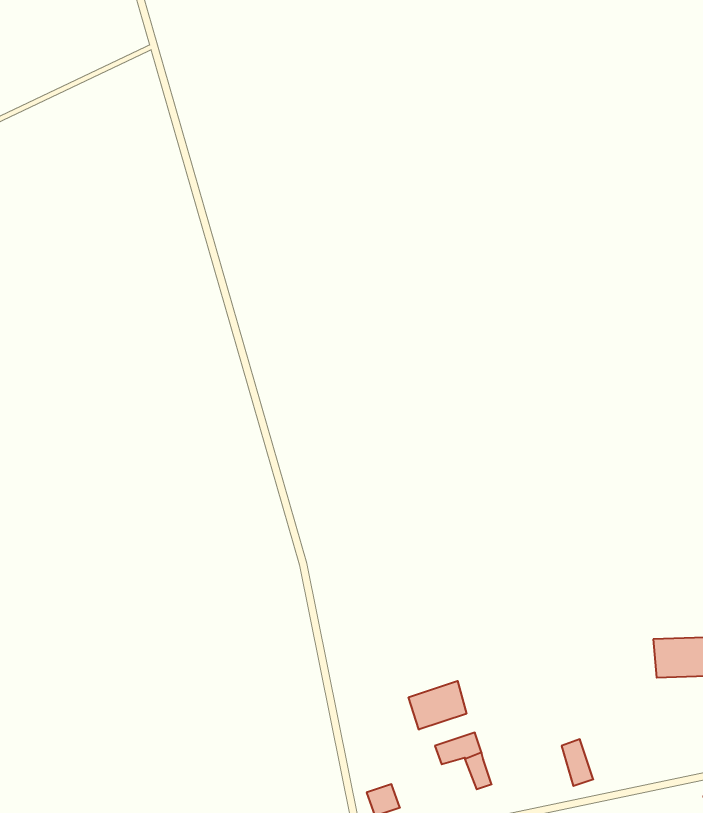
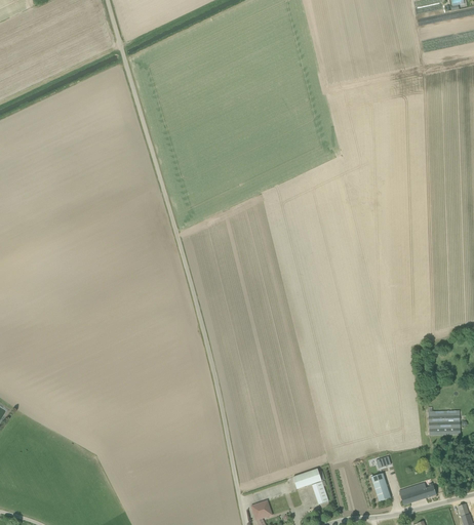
building: [409,681,466,730] -> none
building: none -> [399,482,436,504]

